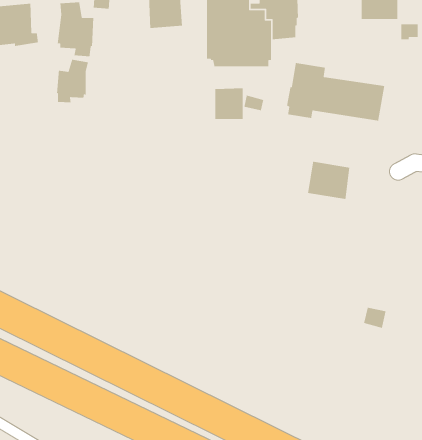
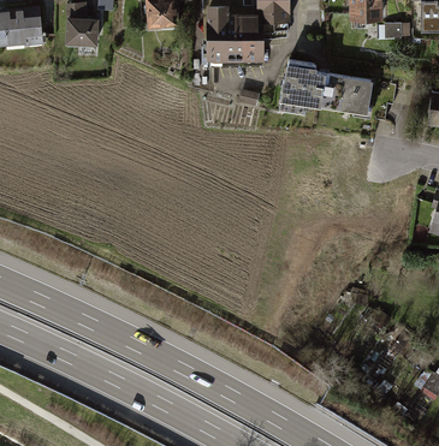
building: [56,59,89,103] -> none
building: [215,87,244,120] -> none
building: [307,161,350,200] -> none

